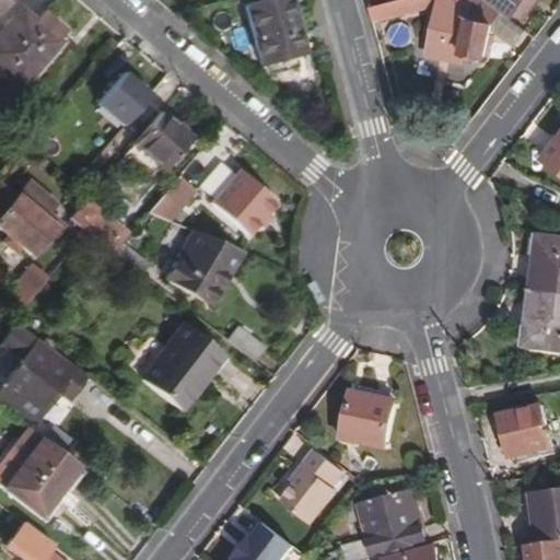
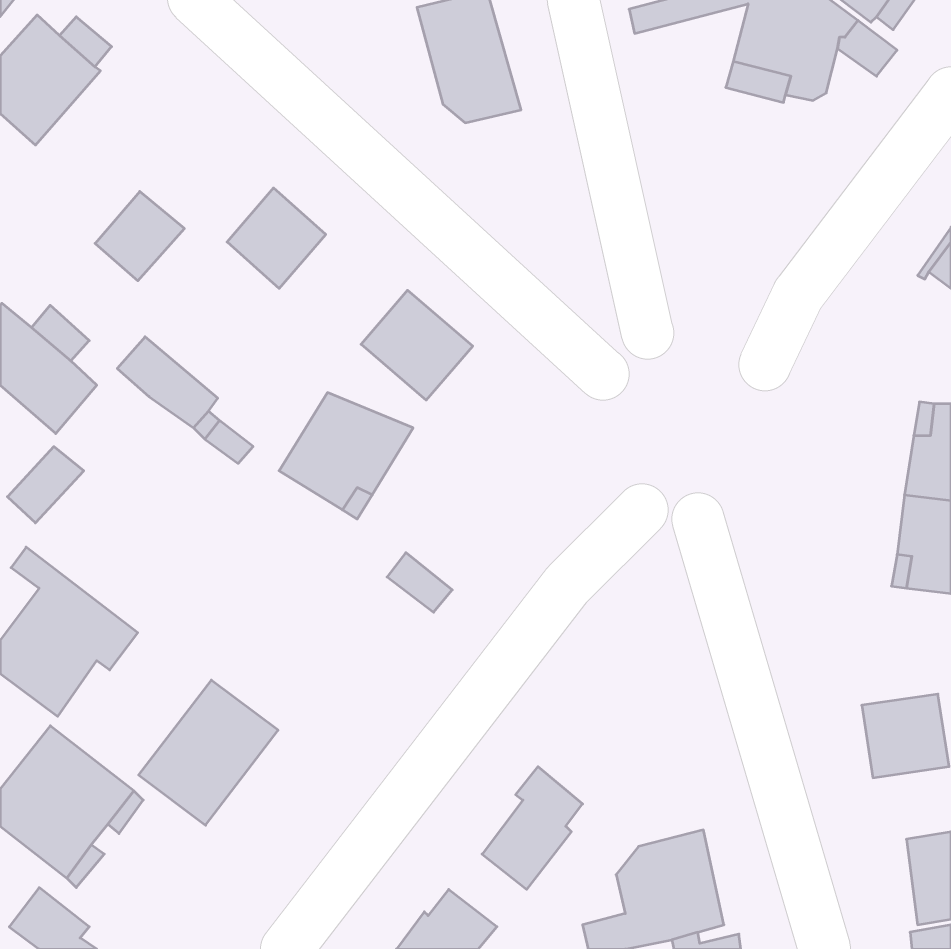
building: [98,71,151,124] -> [95,191,184,281]
building: [148,175,196,221] -> none
building: [141,324,223,409] -> [139,680,278,825]
building: [343,393,396,447] -> none

